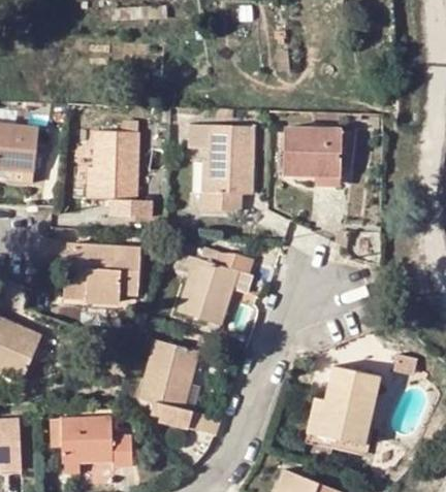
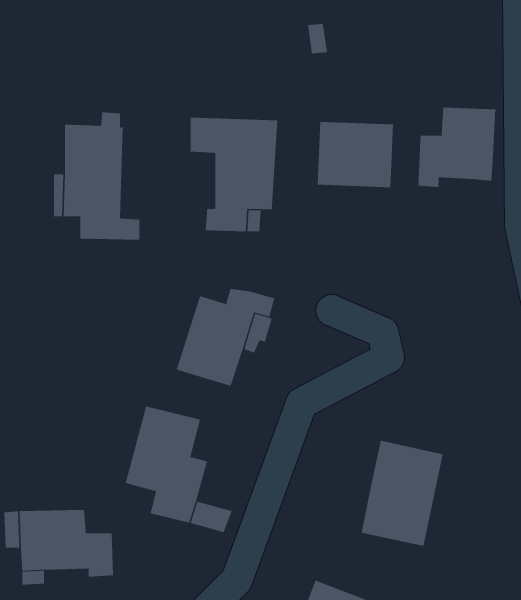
building: none -> [418,107,496,188]
building: [64,243,139,302] -> none
building: [304,397,364,454] -> none

